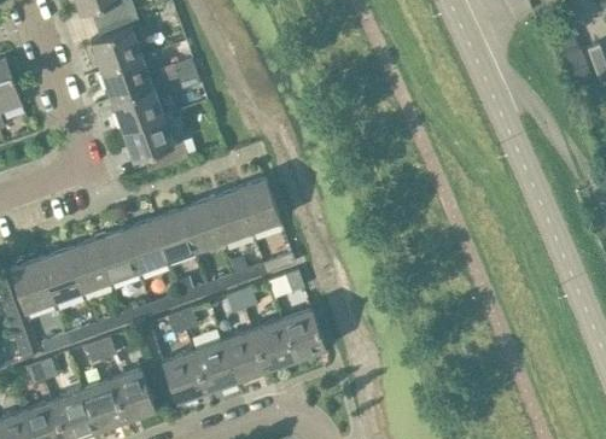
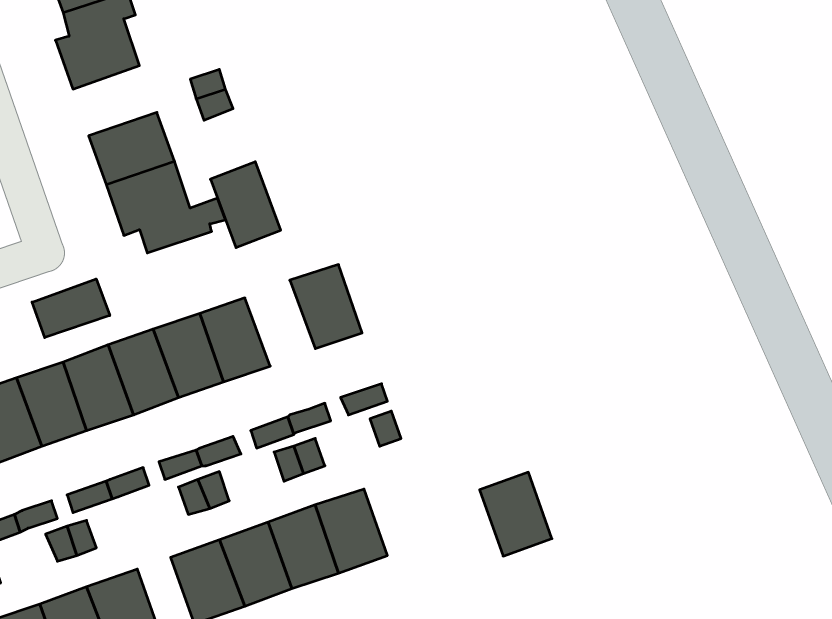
building: [100,58,152,101] -> none
building: none -> [32,279,110,338]
building: [206,191,250,244] -> [210,162,281,248]
building: [280,309,325,361] -> [480,472,552,556]

